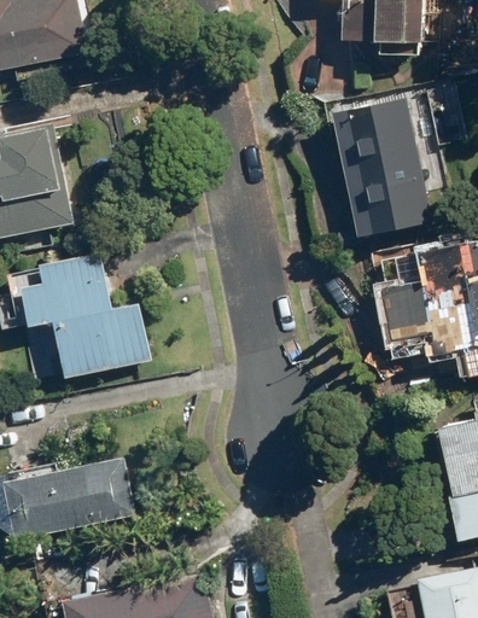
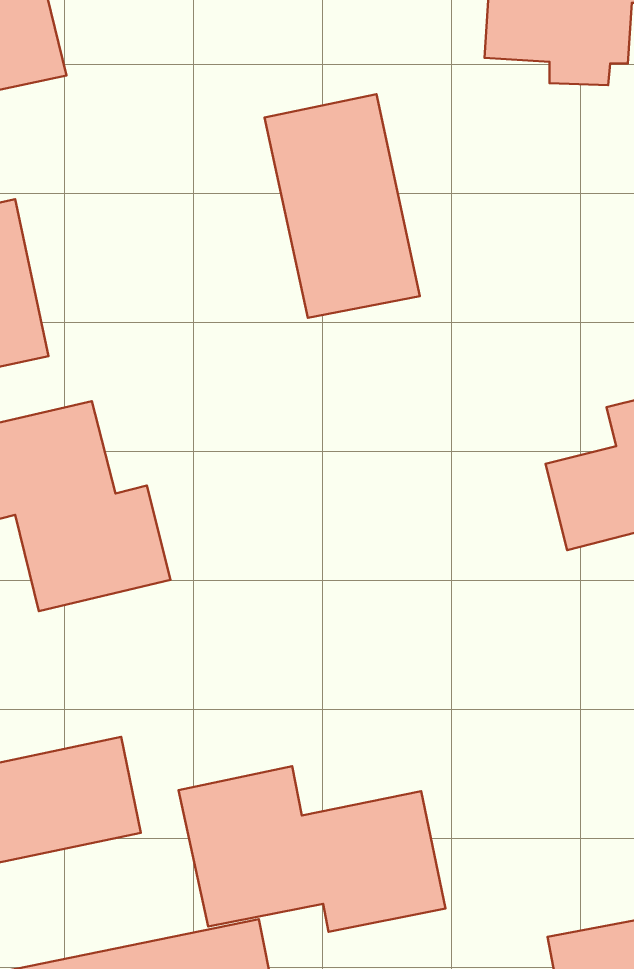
building: [333,98,429,235] -> [265,94,420,318]
building: none -> [178,766,446,932]

